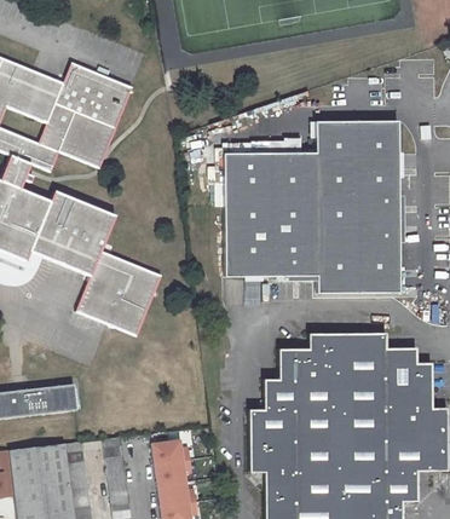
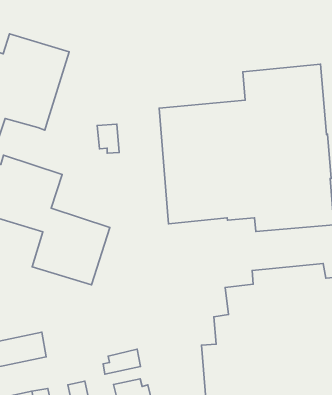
building: none -> [97,124,119,153]
building: none -> [103,349,140,374]

